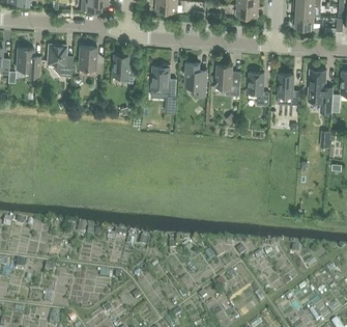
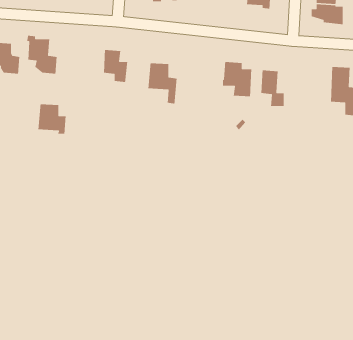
building: [78,47,103,74] -> [38,103,66,135]
building: [181,62,206,96] -> none
building: [278,75,299,106] -> none

